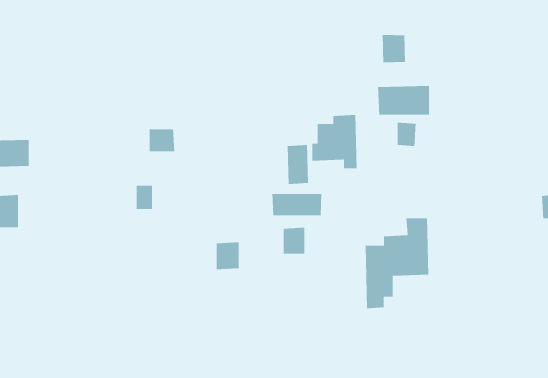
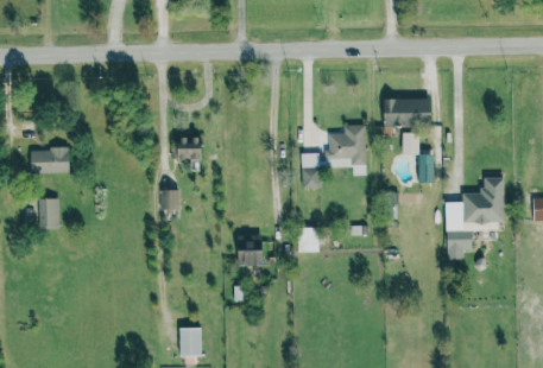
building: [382,34,406,63] -> none
building: [272,193,322,216] -> none
building: [365,217,429,309] -> [446,177,504,260]
building: none -> [179,328,202,356]

